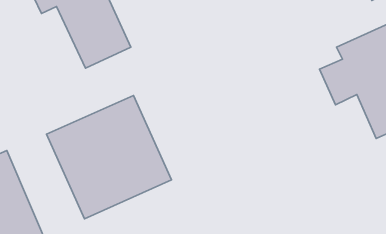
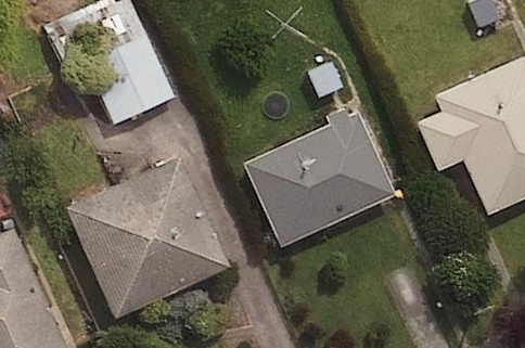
building: none -> [243,111,394,246]

